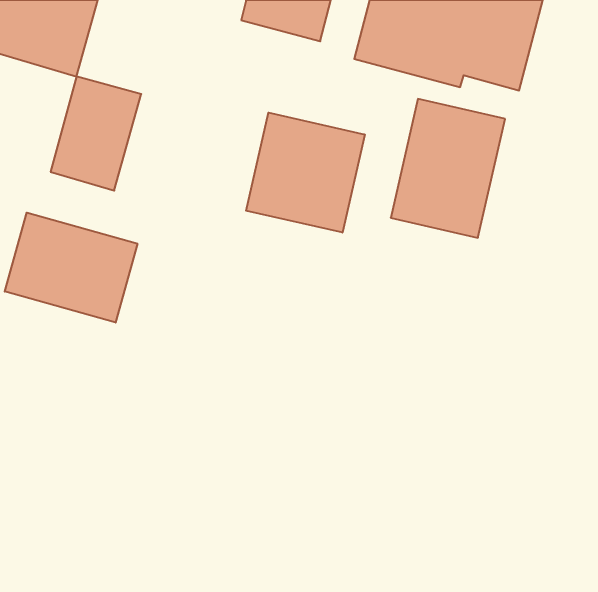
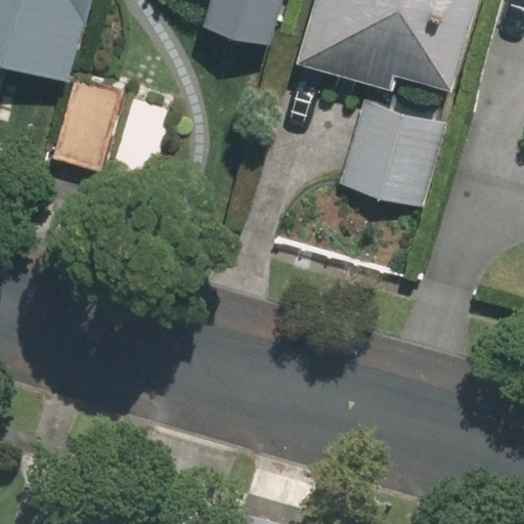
building: [246,113,365,233] -> none
building: [5,213,137,323] -> none

